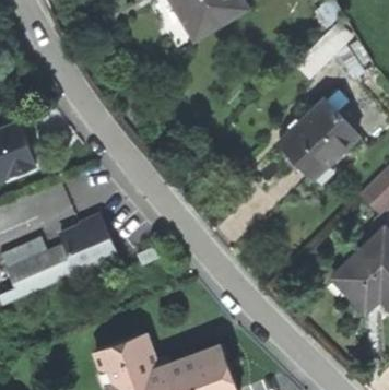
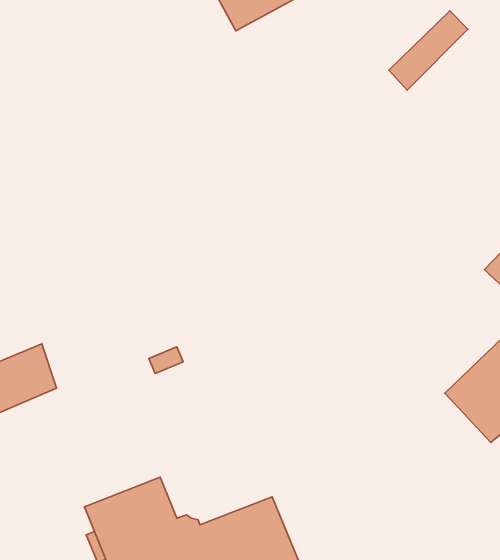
building: [279,99,357,178] -> none
building: [61,216,118,274] -> none

